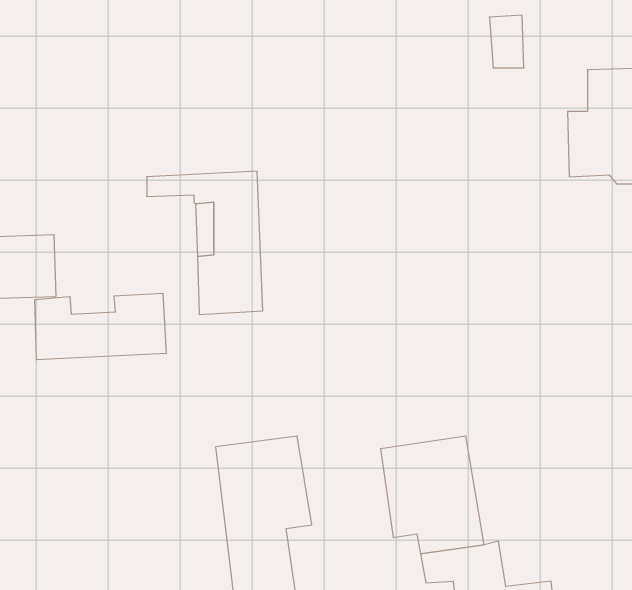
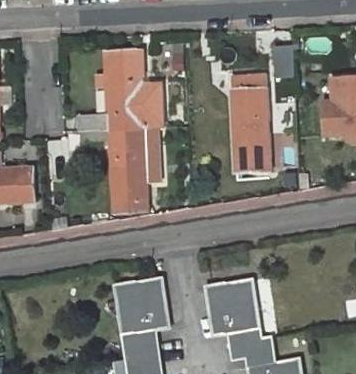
building: none -> [79,51,163,135]
building: none -> [229,75,266,171]
building: [35,293,166,360] -> none

